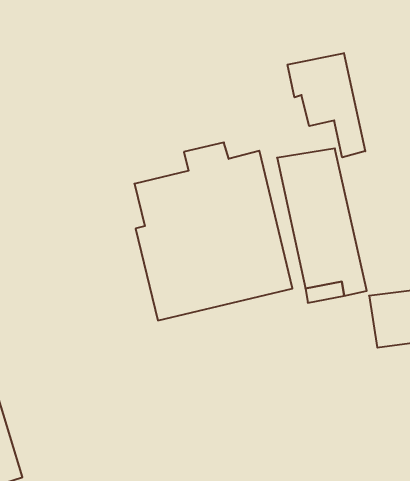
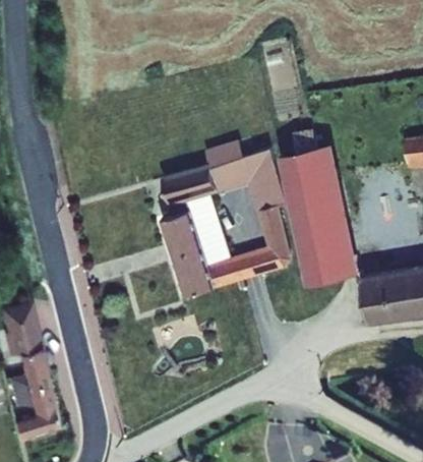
building: [288,53,365,157] -> none

